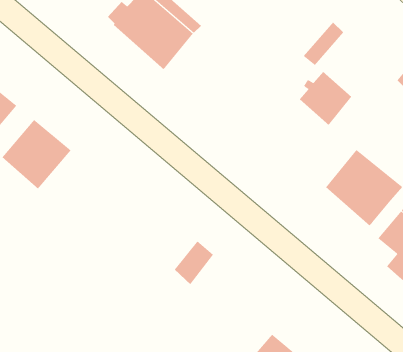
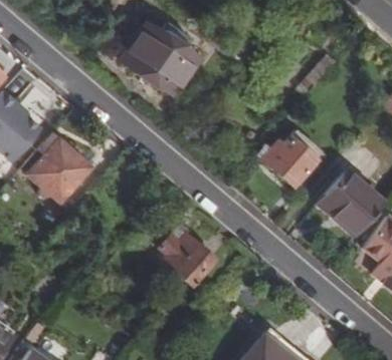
building: [299,71,352,126] -> [266,136,315,186]
building: none -> [159,229,202,275]

